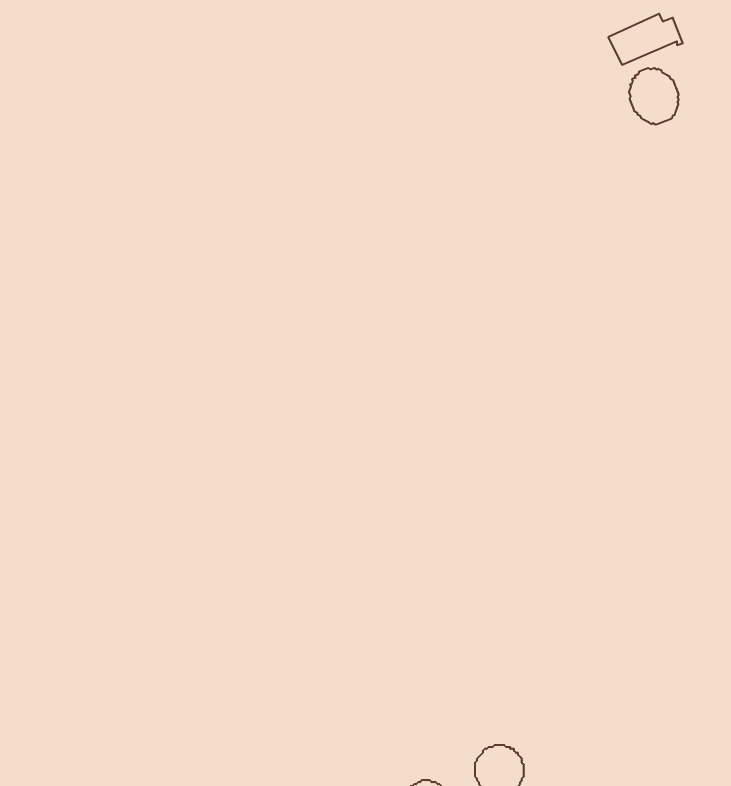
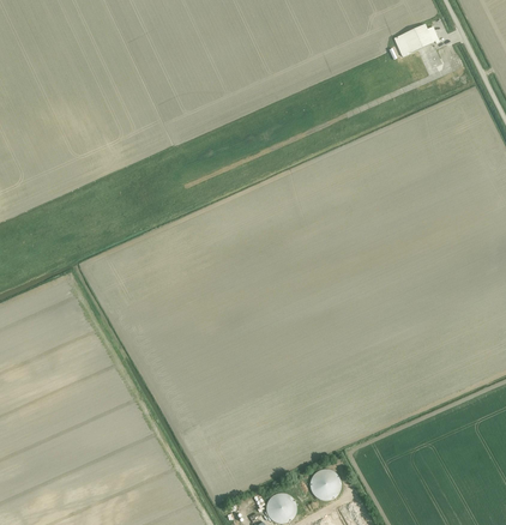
building: [629,68,678,125] -> none

